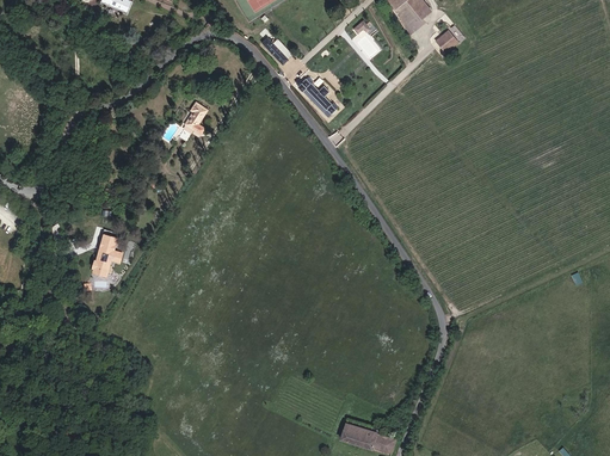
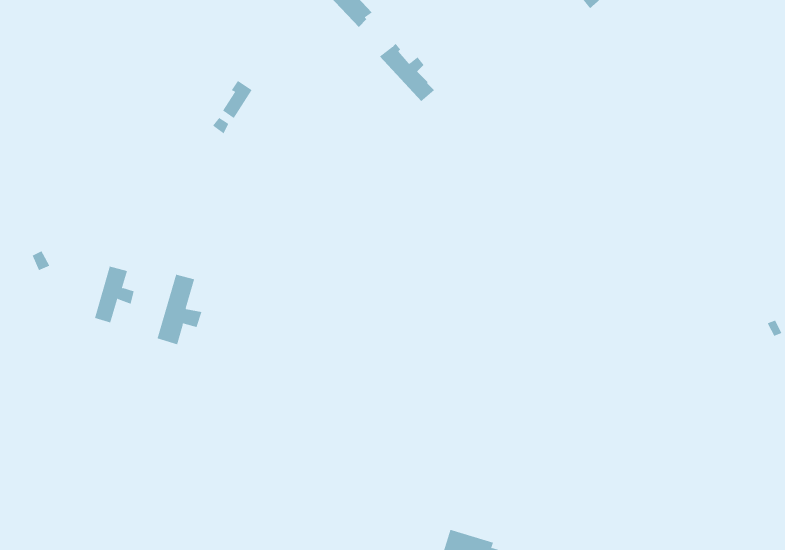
building: none -> [157,274,202,345]

